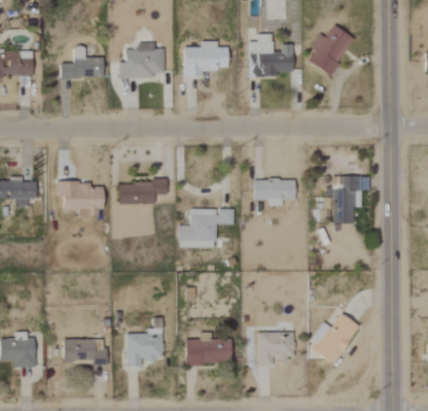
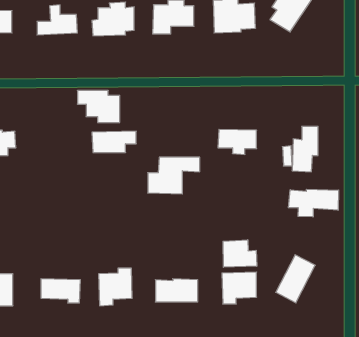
building: [57,182,102,216] -> [77,91,120,122]
building: none -> [288,189,339,217]
building: none -> [223,240,257,267]

